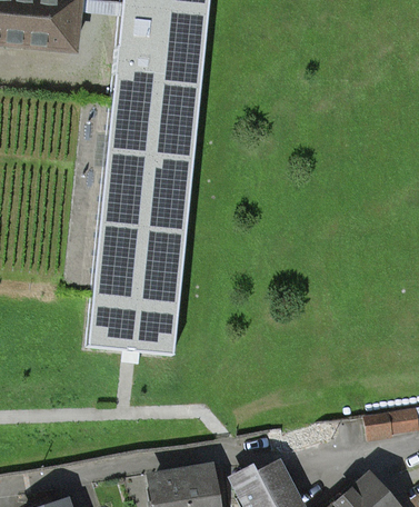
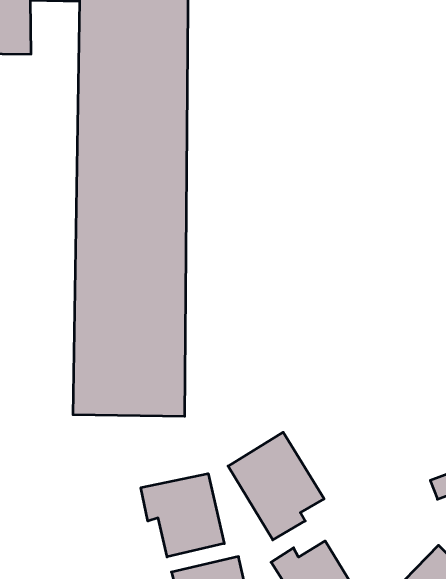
building: none -> [228,432,324,540]
building: none -> [141,474,224,557]

